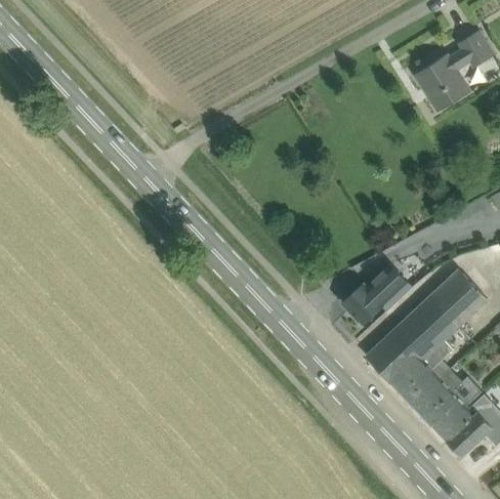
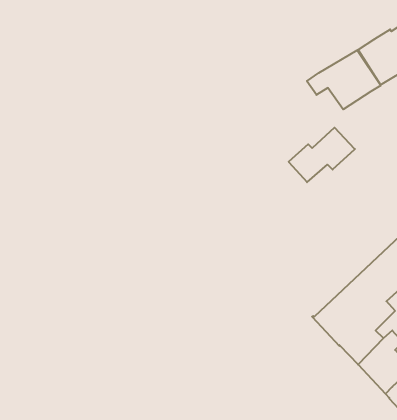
building: none -> [307,50,381,109]
building: [342,265,412,323] -> [289,128,355,182]

